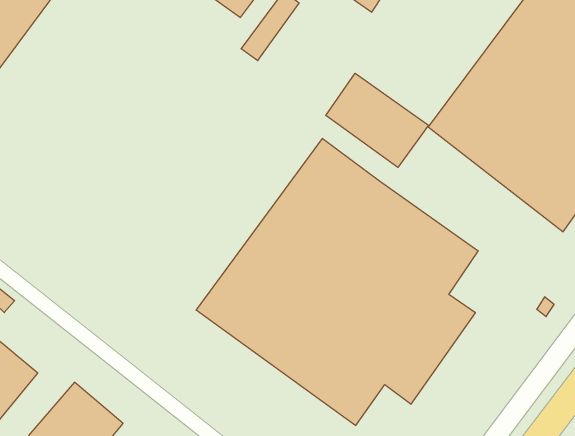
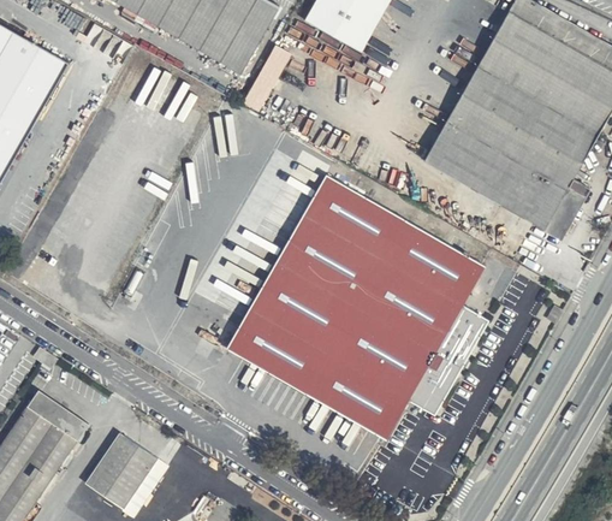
building: [326,73,428,167] -> none

